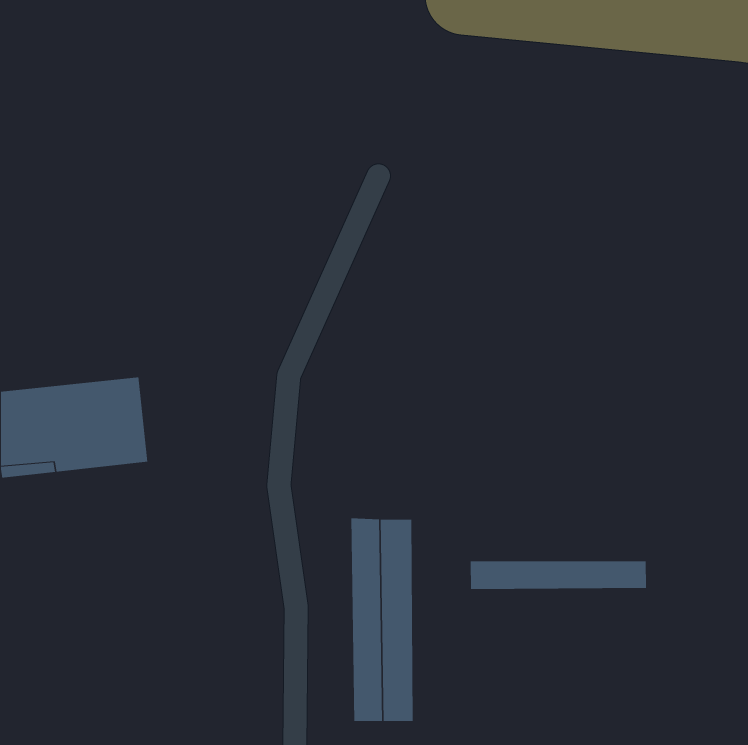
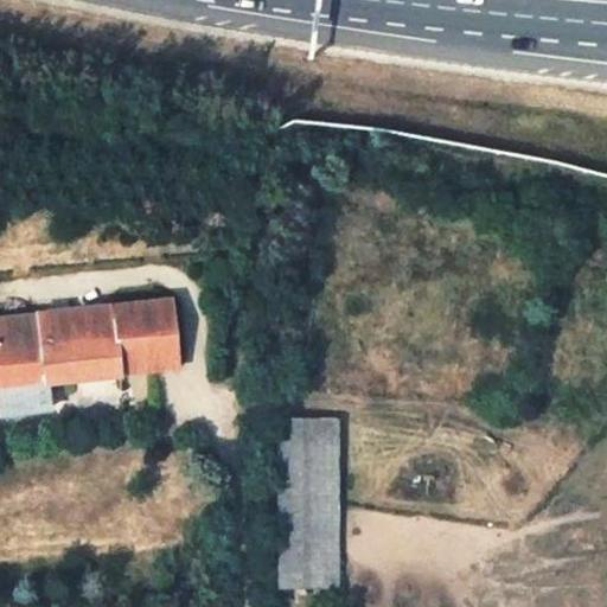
building: none -> [114,299,180,373]
building: [470,561,647,590] -> none

